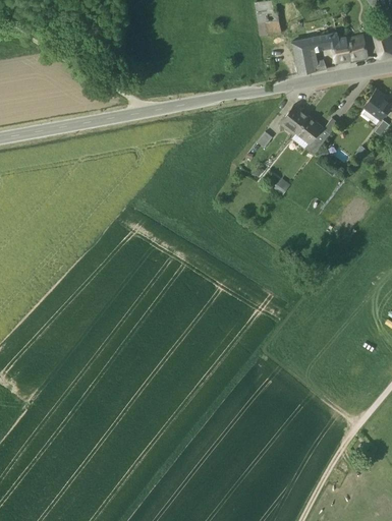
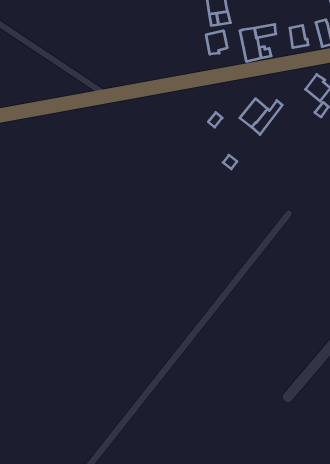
building: [331,33,350,63] -> none
building: none -> [206,31,227,54]
building: [280,105,310,135] -> none

